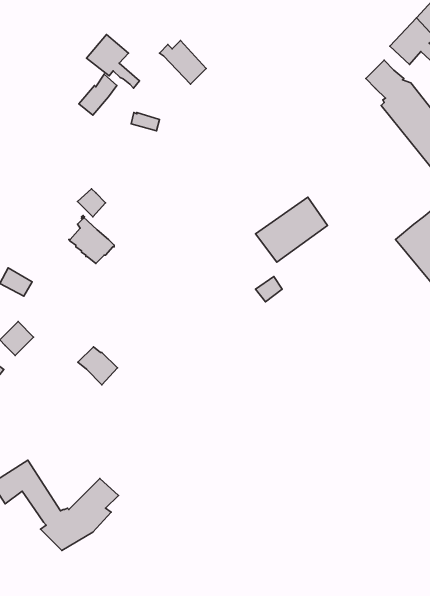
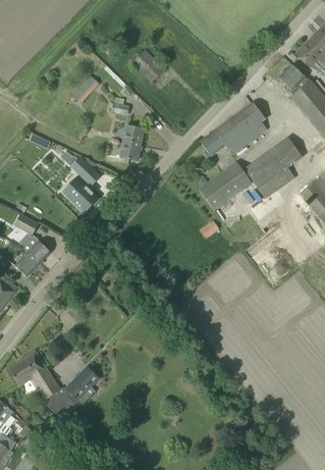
building: [86,34,139,88] -> none
building: none -> [200,102,267,155]
building: none -> [120,124,143,159]
building: none -> [245,139,300,197]
building: [78,347,117,385] -> [21,236,50,263]

